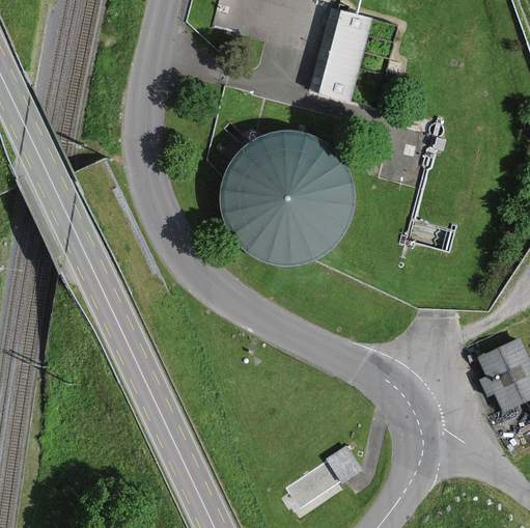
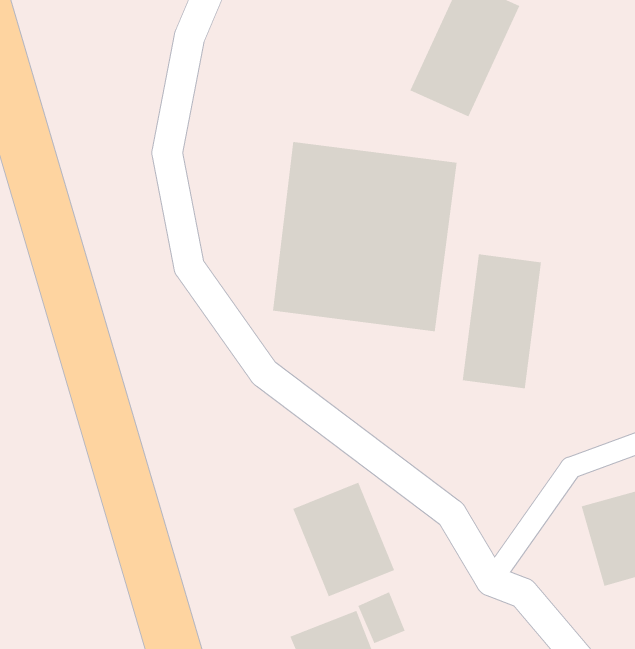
building: none -> [462,253,541,389]
building: none -> [292,482,395,597]

